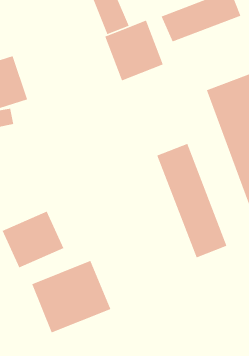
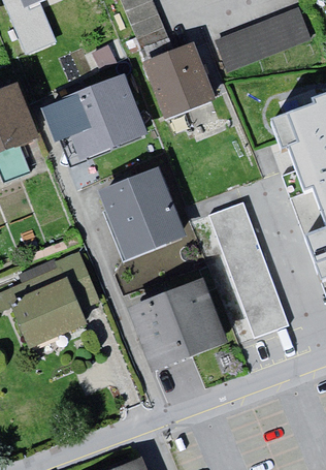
building: none -> [55,72,144,157]
building: none -> [94,160,186,256]
building: [31,260,111,333] -> [128,282,228,374]

